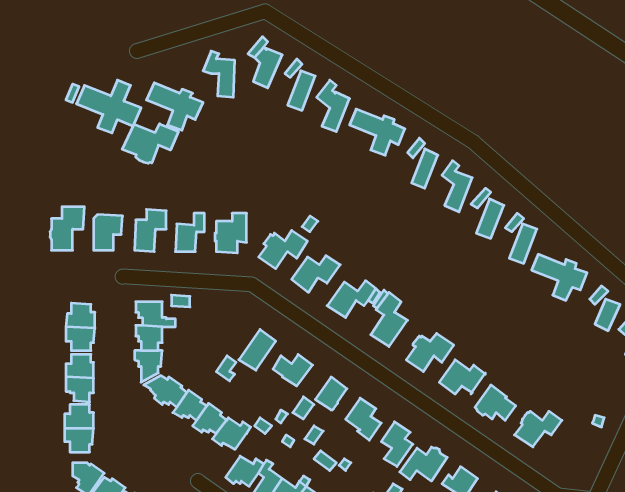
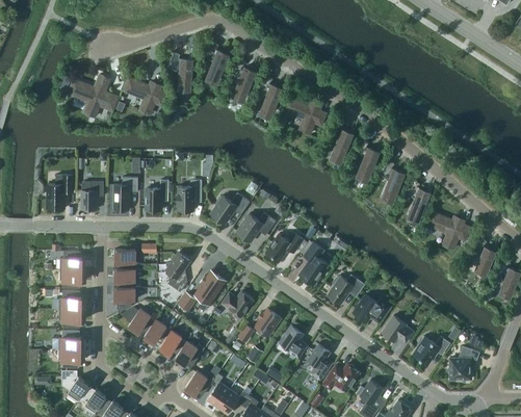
building: [122,124,178,163] -> none
building: none -> [165,253,189,292]
building: none -> [445,346,478,383]

